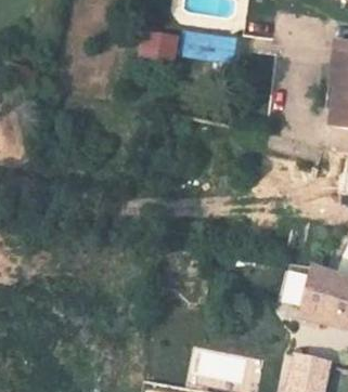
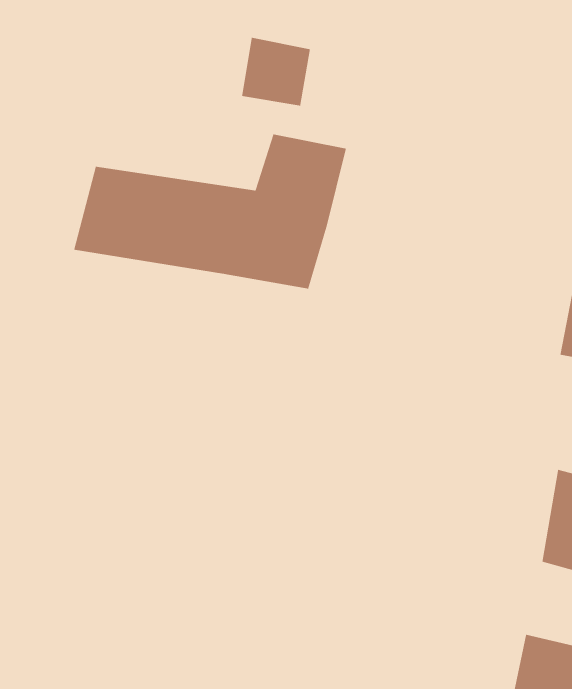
building: none -> [73,134,347,289]

